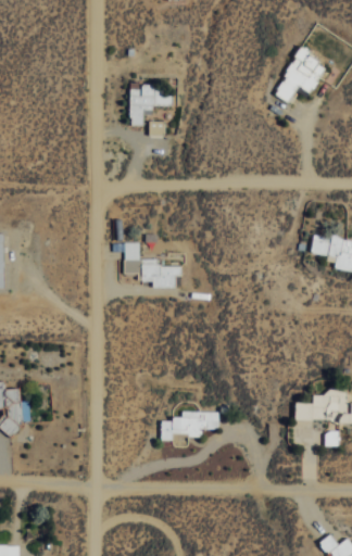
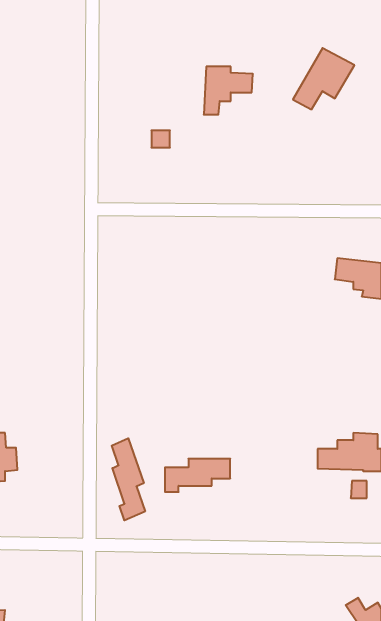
building: [128,84,172,126] -> [204,67,253,115]
building: [123,242,181,289] -> none
building: none -> [112,438,145,520]

